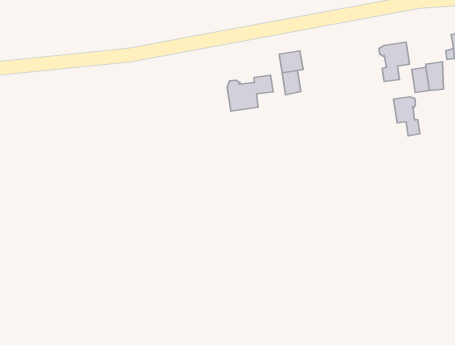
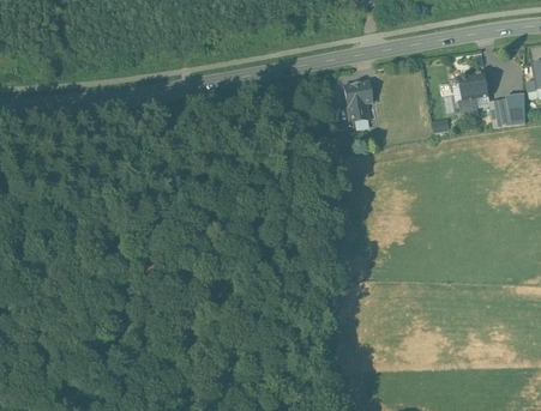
building: [227,75,273,111] -> none
building: [394,97,420,136] -> none

